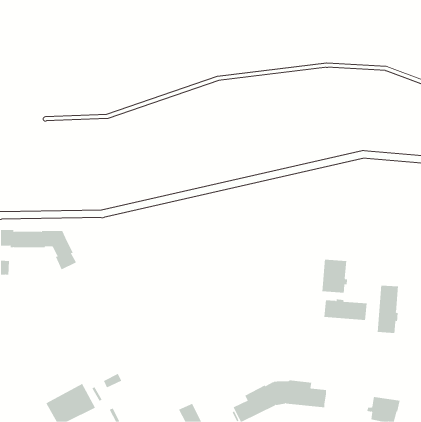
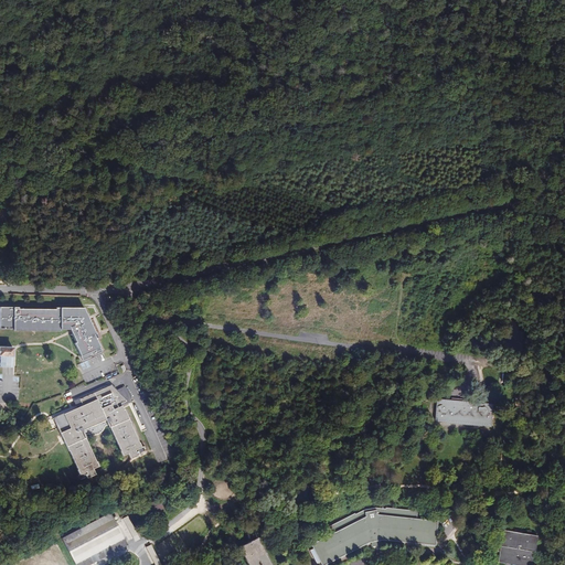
building: [322,259,347,293] -> none
building: [377,285,399,334] -> none
building: none -> [43,385,142,479]

